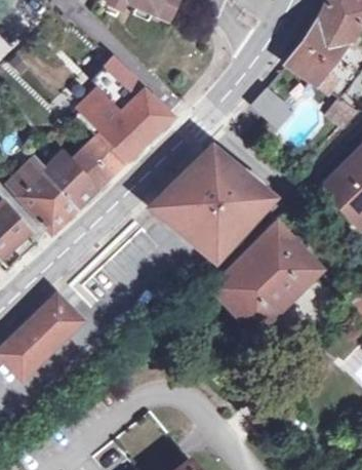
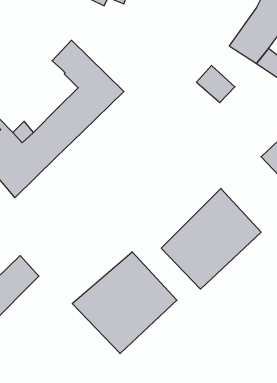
building: [81,90,121,132] -> none
building: [150,145,271,259] -> none
building: none -> [72,252,177,354]

